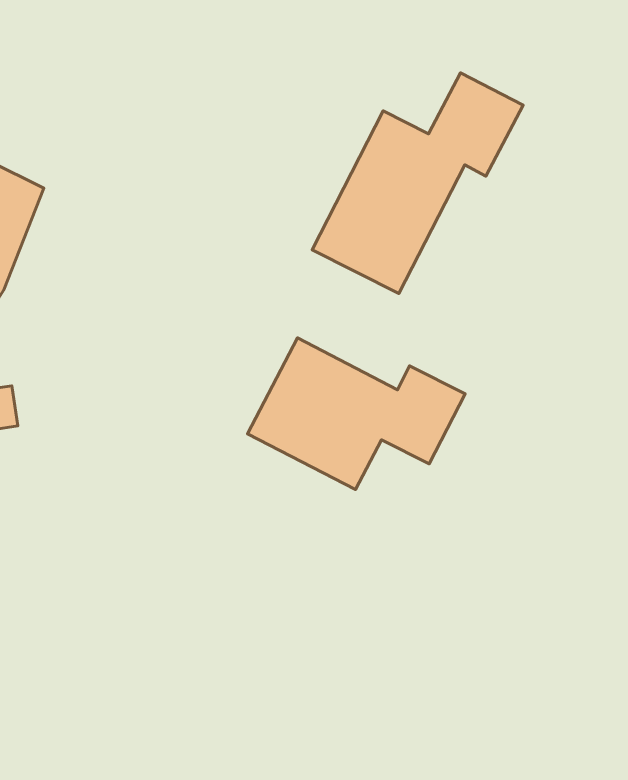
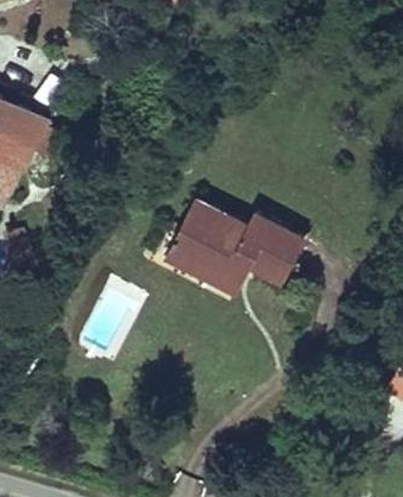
building: [312,73,523,294] -> none

